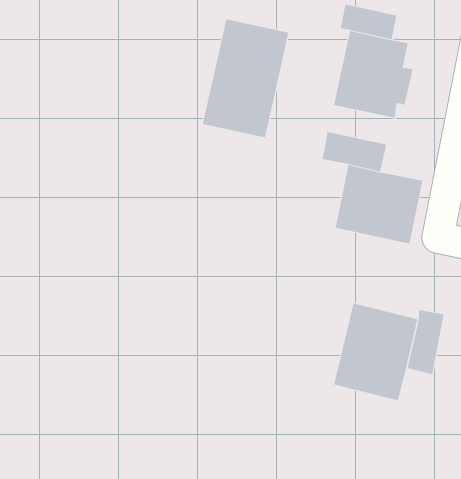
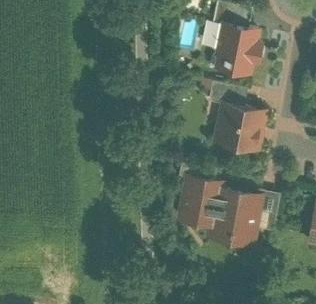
building: [202,18,289,138] -> none
building: none -> [176,173,226,227]

